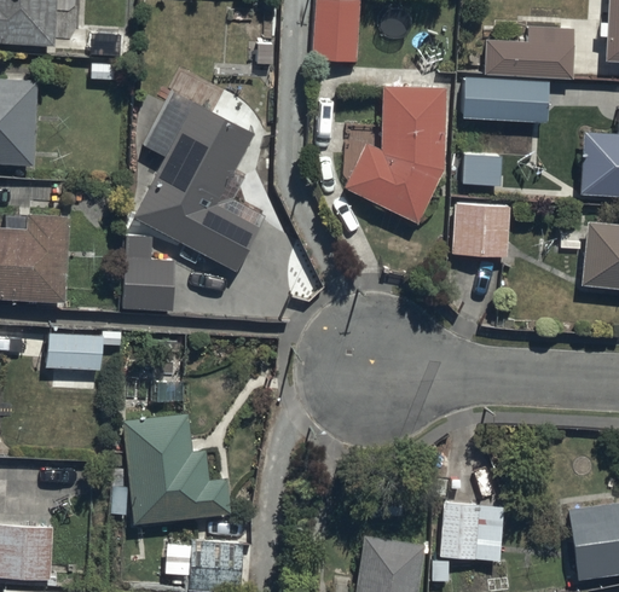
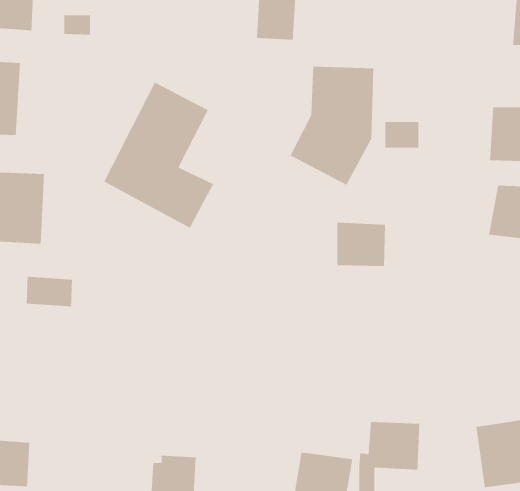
building: [481,25,573,76] -> none
building: [463,81,550,126] -> none
building: [450,201,507,253] -> [337,222,386,267]
building: [121,233,172,309] -> none
building: [120,411,228,521] -> none

